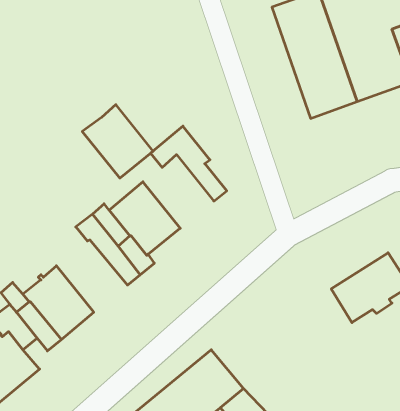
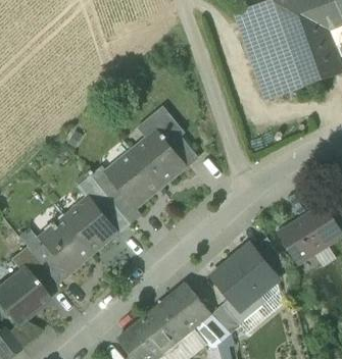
building: [82,105,153,178] -> [132,127,188,186]
building: none -> [63,195,119,252]
building: none -> [211,244,279,323]

